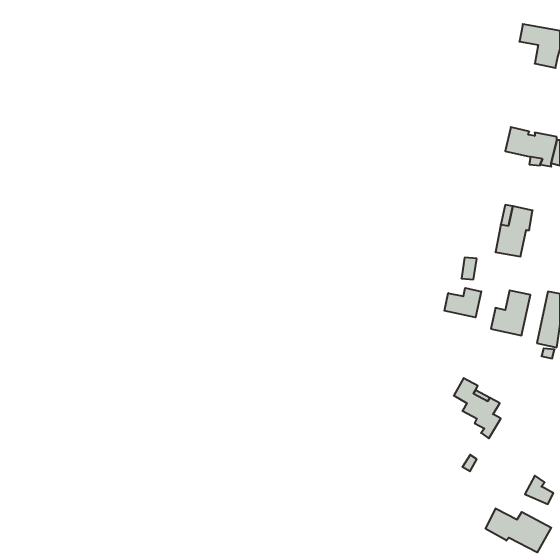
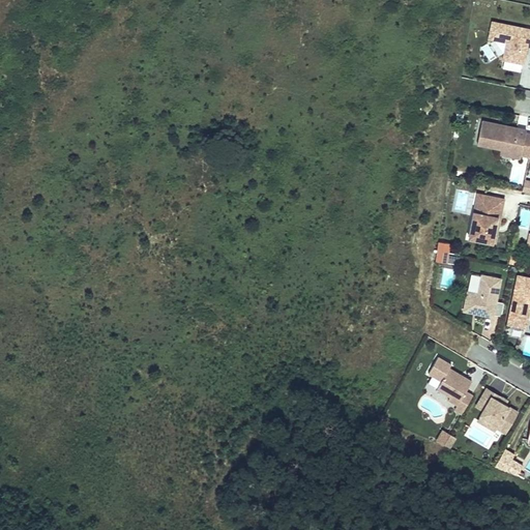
building: [444,288,481,317] -> none
building: none -> [476,388,518,433]
building: [486,508,551,552] -> none

